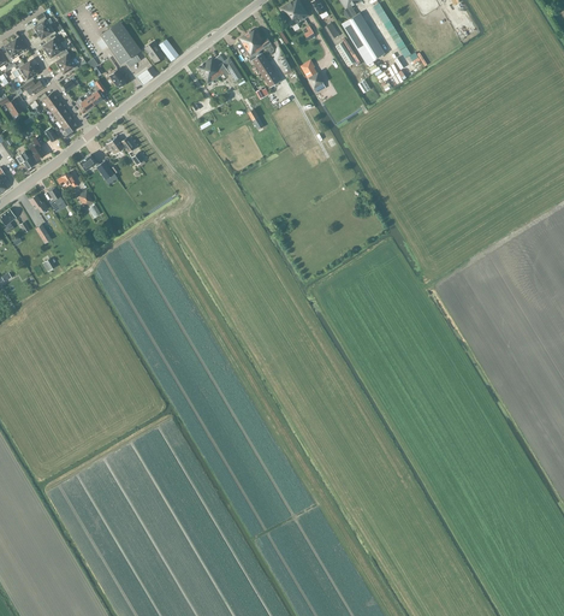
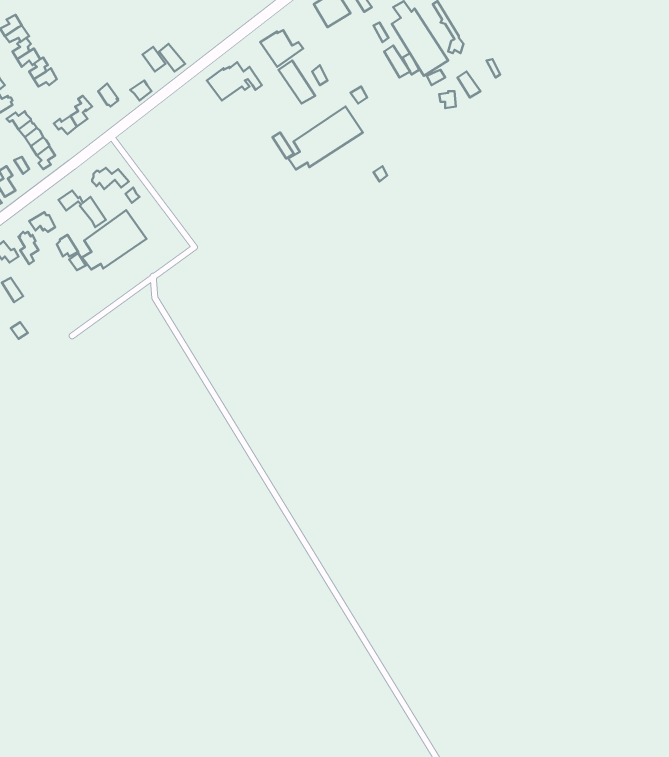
building: [100,20,141,67] -> none
building: none -> [288,106,363,169]
building: none -> [82,210,147,269]

